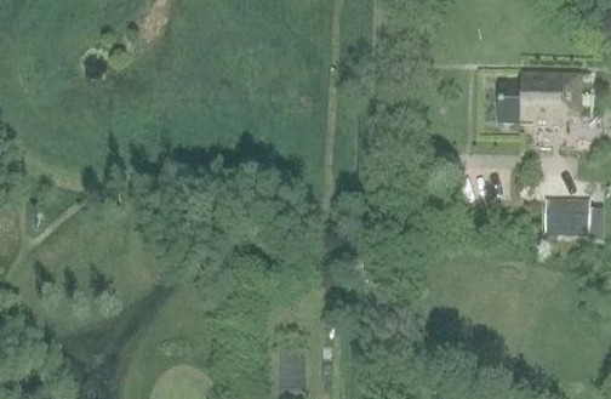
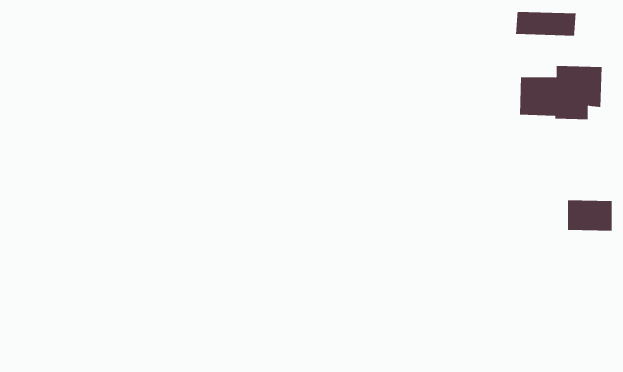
building: none -> [515,11,576,36]

